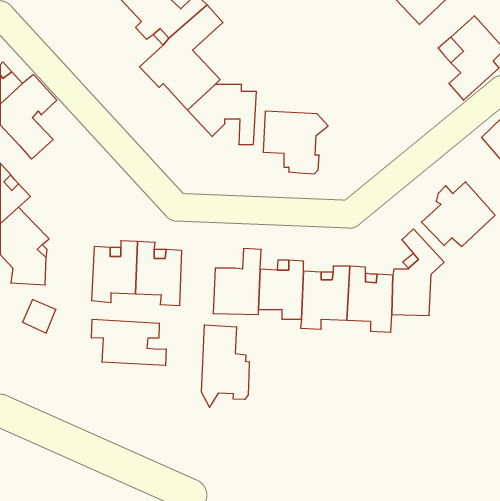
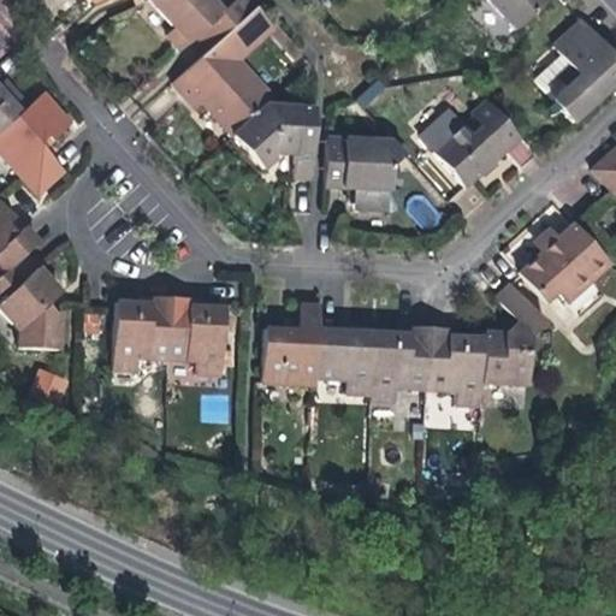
building: none -> [422,101,538,188]
building: [91,319,166,366] -> none
building: [201,325,249,407] -> none

